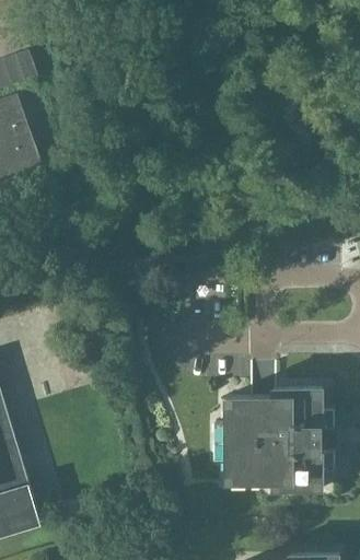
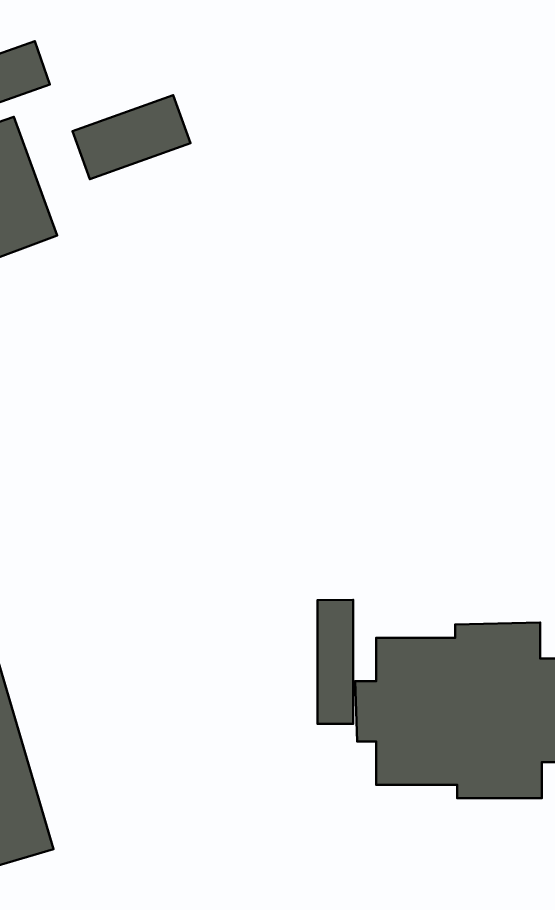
building: none -> [73,95,191,179]
building: none -> [318,600,353,724]

